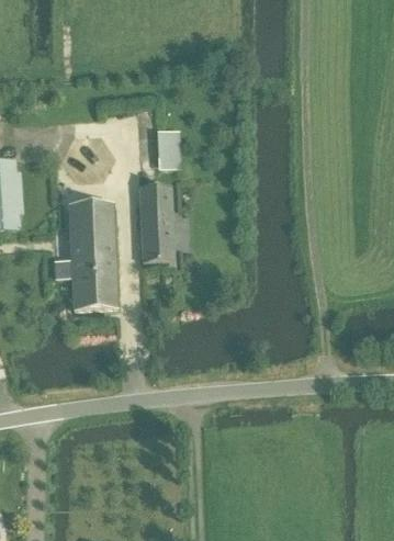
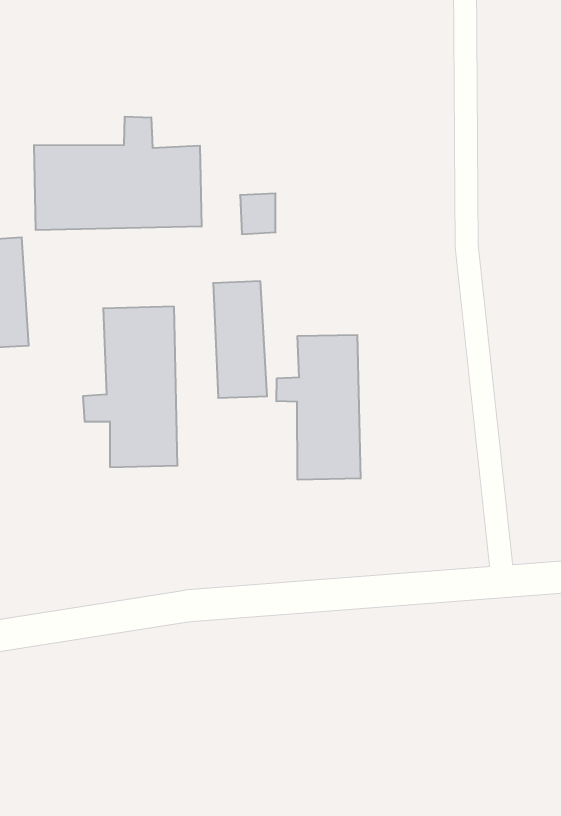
building: none -> [34,117,201,230]
building: none -> [276,335,360,480]

